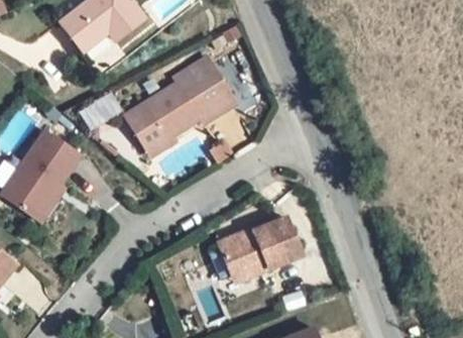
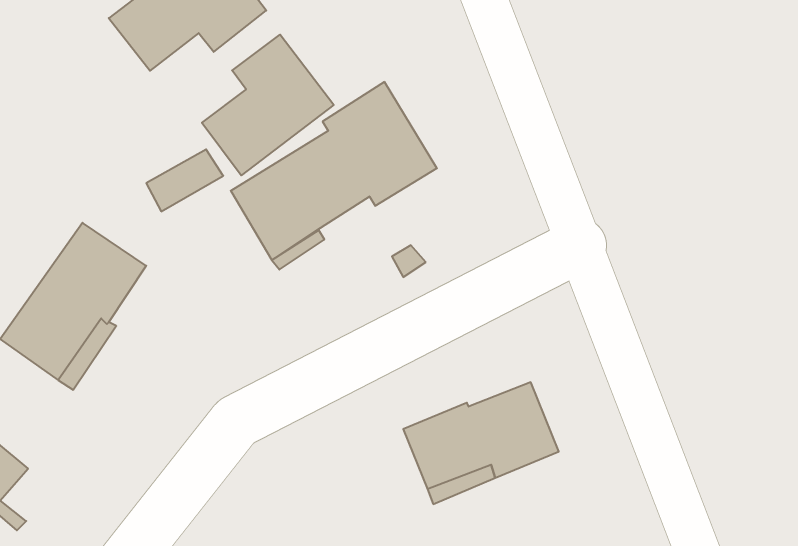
building: none -> [202,35,334,175]

